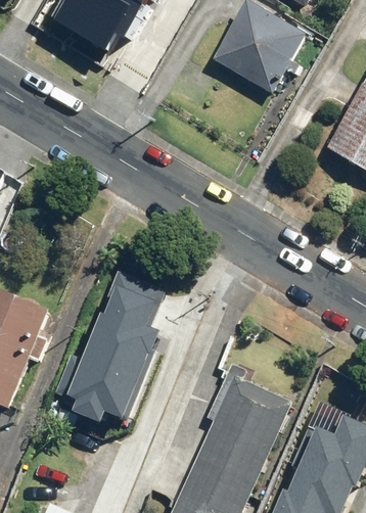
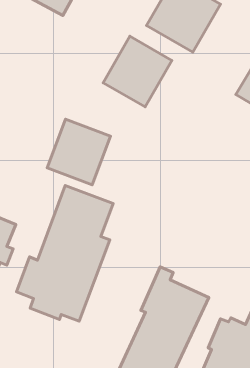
building: none -> [103,36,172,107]
building: none -> [47,119,110,185]

